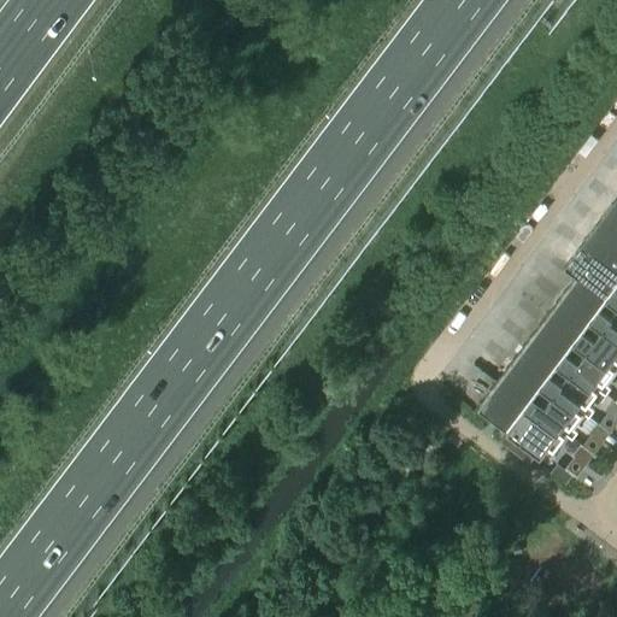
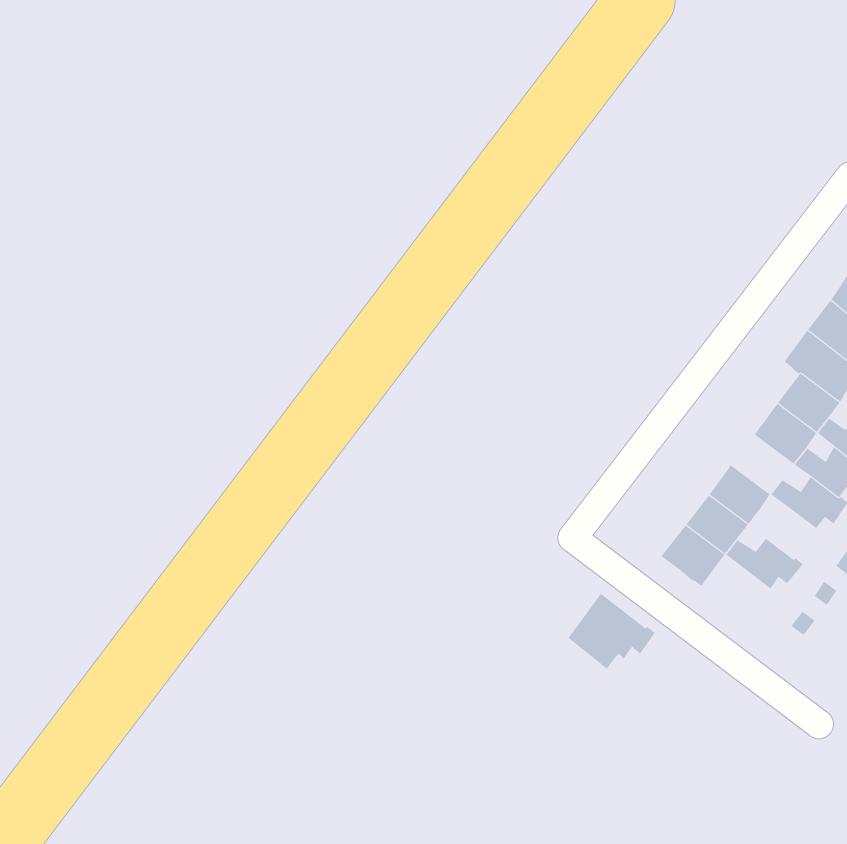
building: [531,319,577,363] -> none
building: [545,372,601,410] -> none
building: [504,406,568,462] -> [567,593,656,669]

